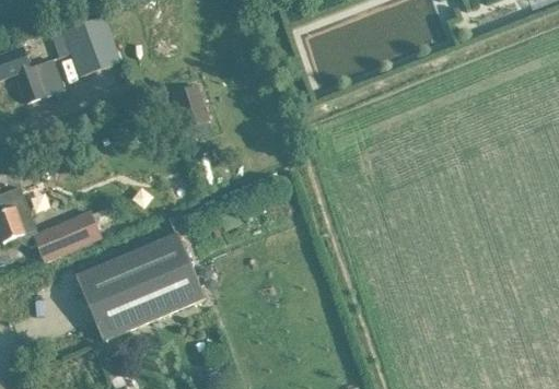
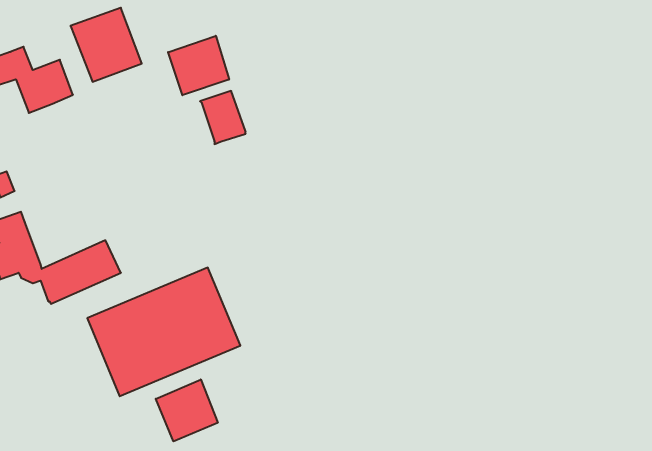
building: none -> [168,36,229,95]
building: none -> [156,379,218,441]

